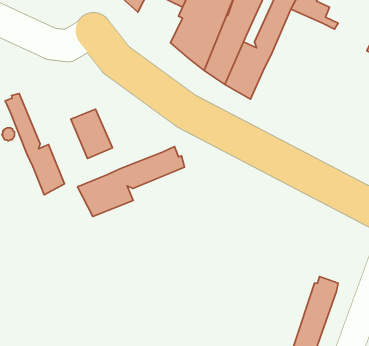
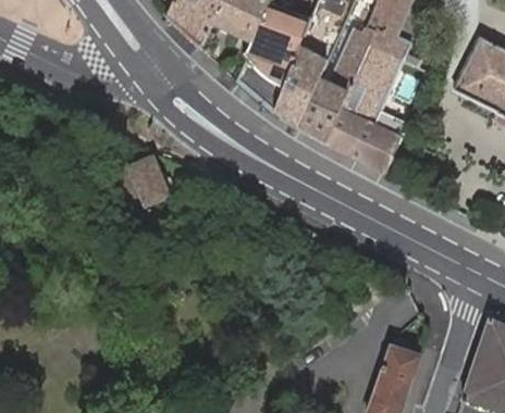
building: none -> [325,42,431,171]
building: [5,93,64,195] -> none
building: [78,147,185,216] -> none

